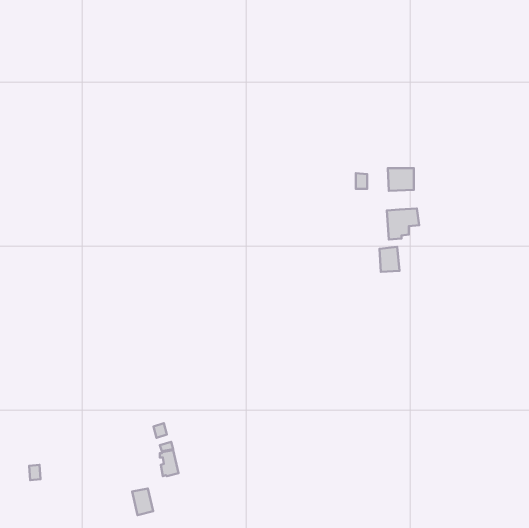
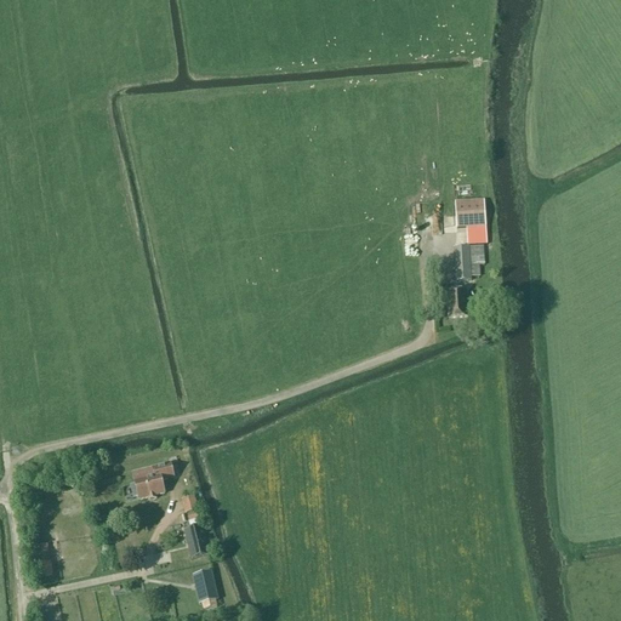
building: none -> [129,461,172,498]
building: [132,488,153,515] -> [193,574,217,605]

